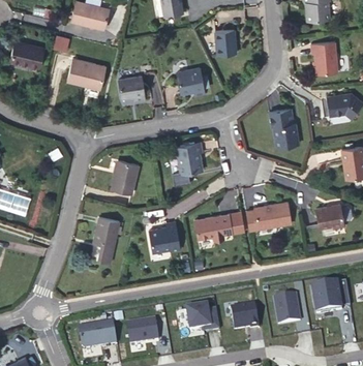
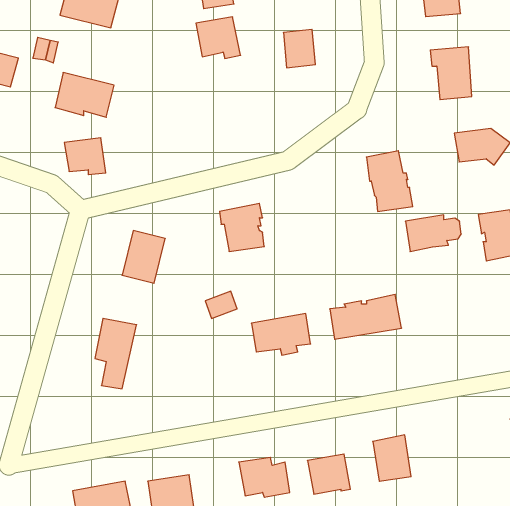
building: [176,68,205,95] -> [196,17,241,58]
building: [118,77,145,100] -> [64,138,106,175]
building: [315,205,352,228] -> [405,215,461,252]
building: [148,223,180,253] -> none
building: [312,282,350,314] -> none

